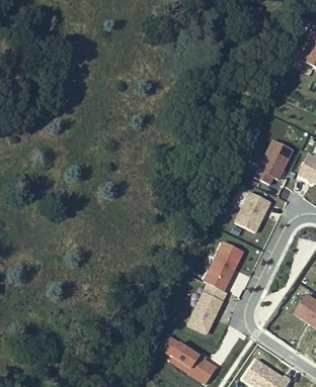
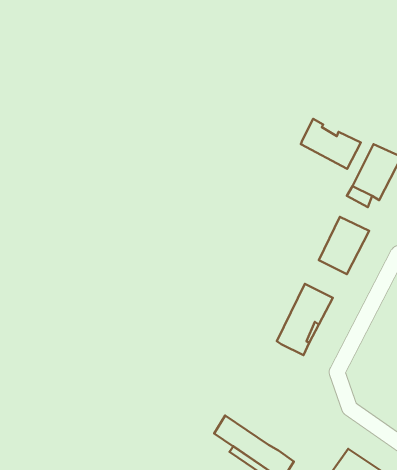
building: none -> [301,119,361,169]
building: [185,283,225,333] -> none

